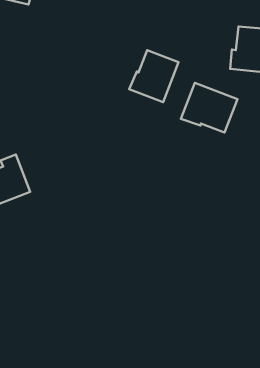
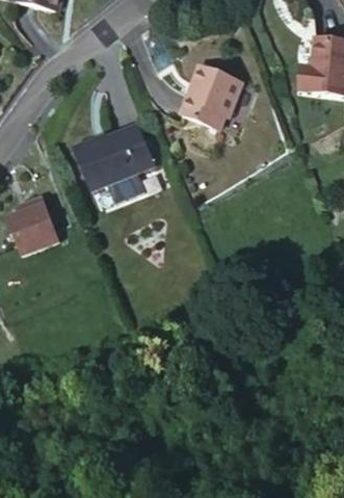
building: [181,83,237,133] -> none
building: none -> [75,124,154,189]

